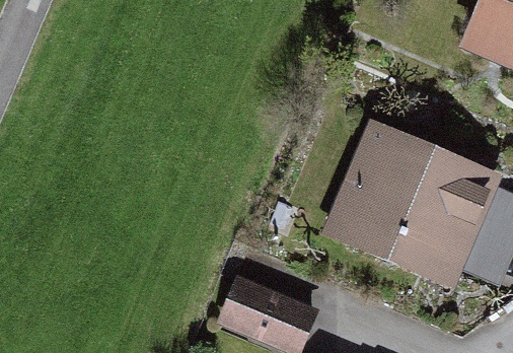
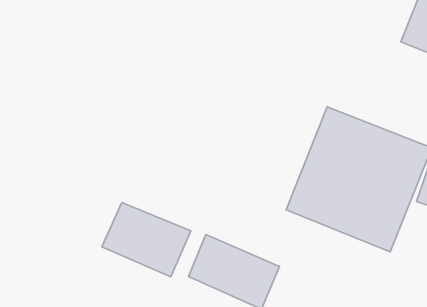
building: none -> [102,202,191,277]

